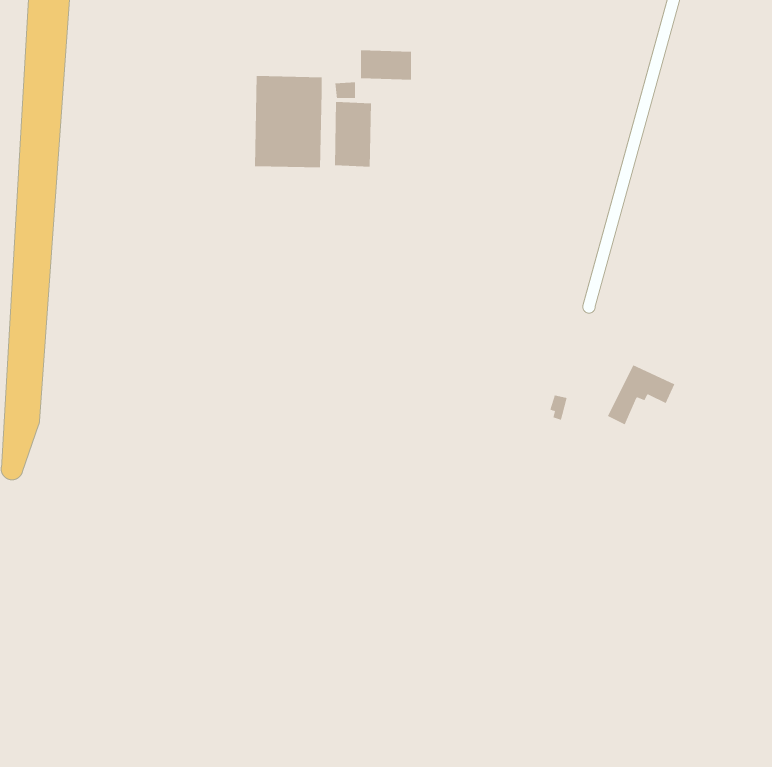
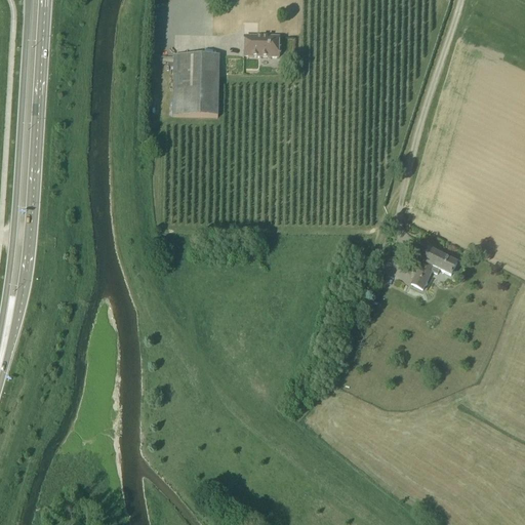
building: [334,101,371,168] -> none

